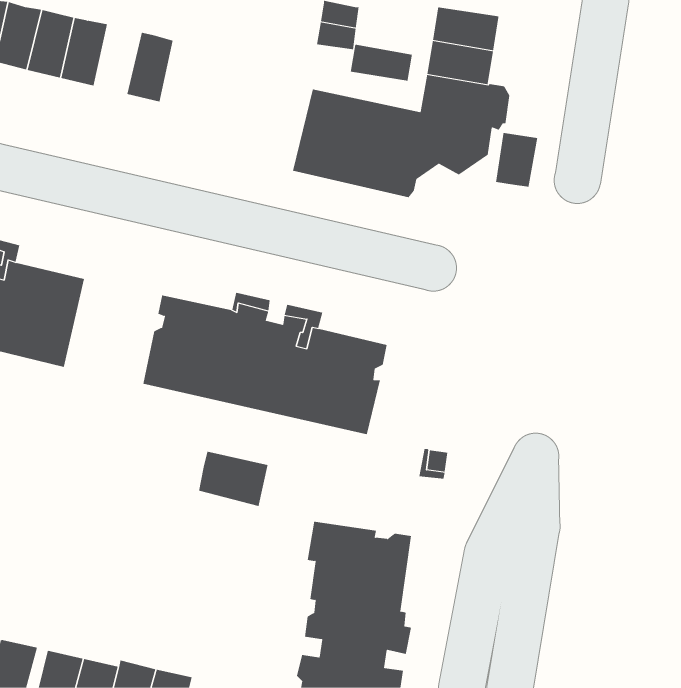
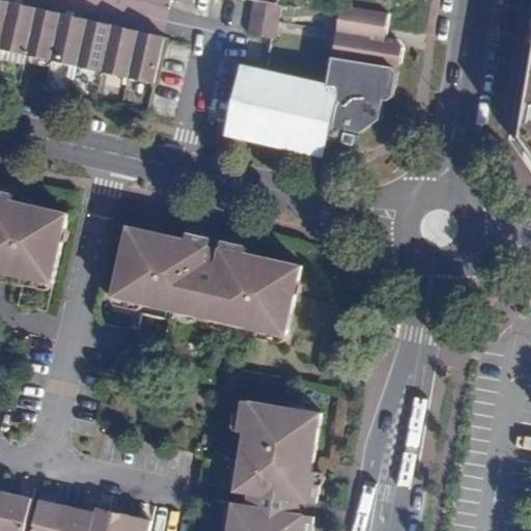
building: none -> [73,19,109,73]
building: none -> [123,31,160,85]
building: [350,44,413,82] -> none
building: [496,132,538,188] -> none
building: [198,451,268,507] -> none

